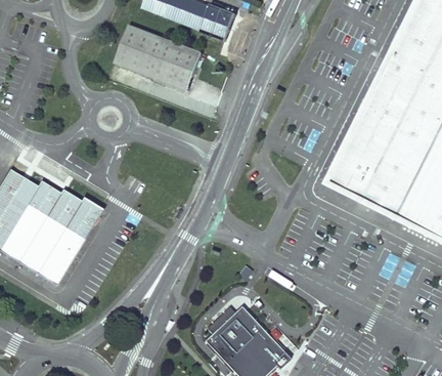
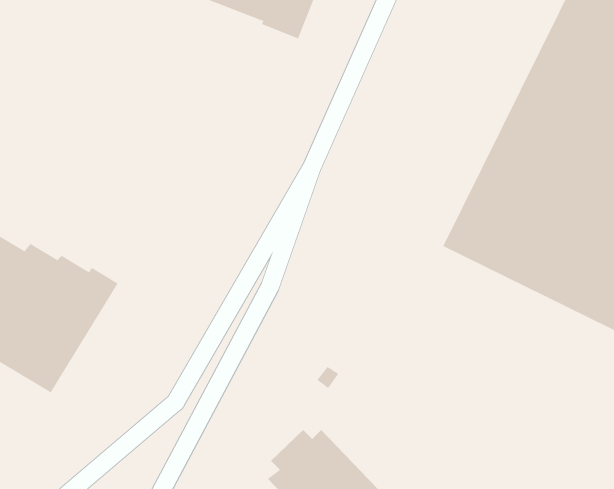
building: [115,23,203,89] -> none

